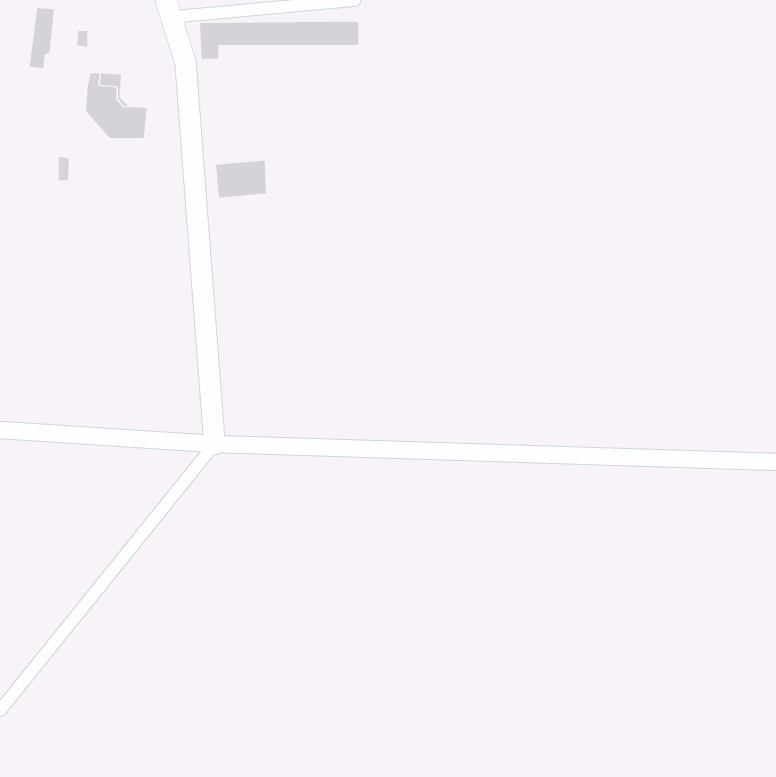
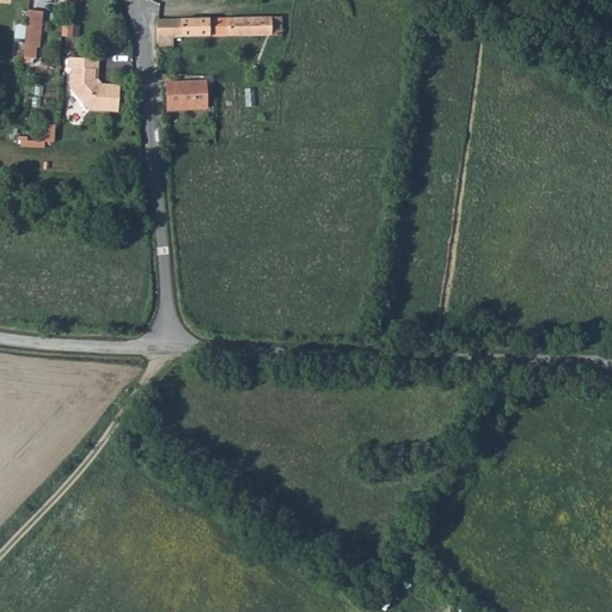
building: [215,160,267,198] -> [167,80,208,110]

